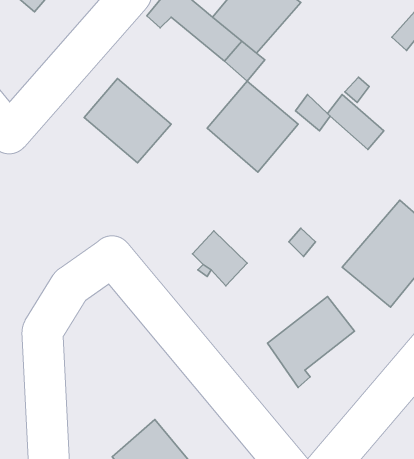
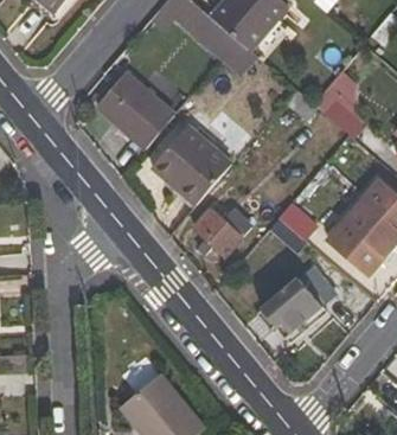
building: [207,81,298,172] -> [151,124,231,205]

